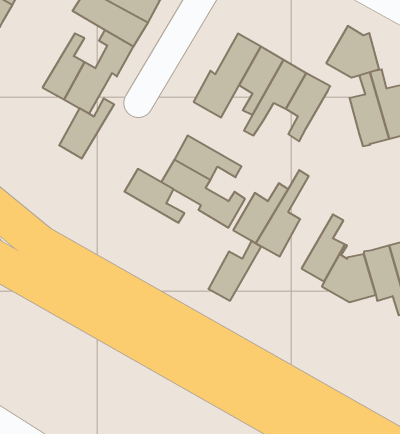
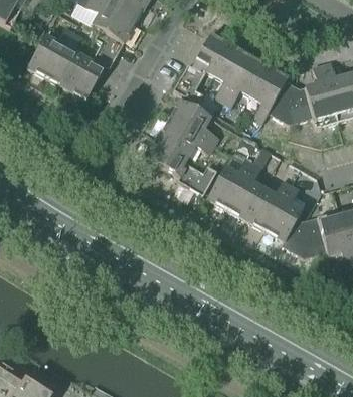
building: [326,26,379,77] -> [269,78,313,122]
building: [59,99,114,159] -> [28,25,74,75]
building: [124,169,184,223] -> [169,96,219,142]
building: [208,241,261,301] -> [246,177,291,227]

